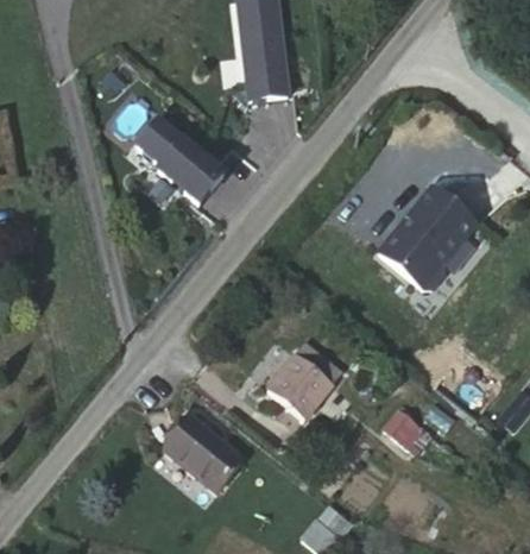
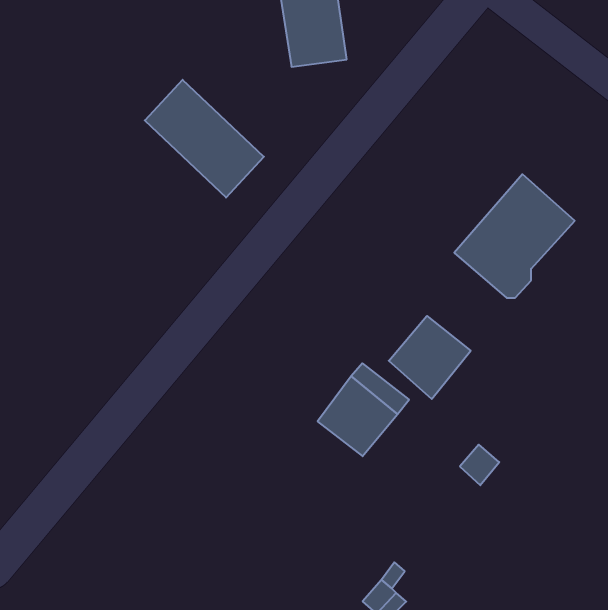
building: none -> [389,316,471,399]
building: [165,415,245,491] -> none

